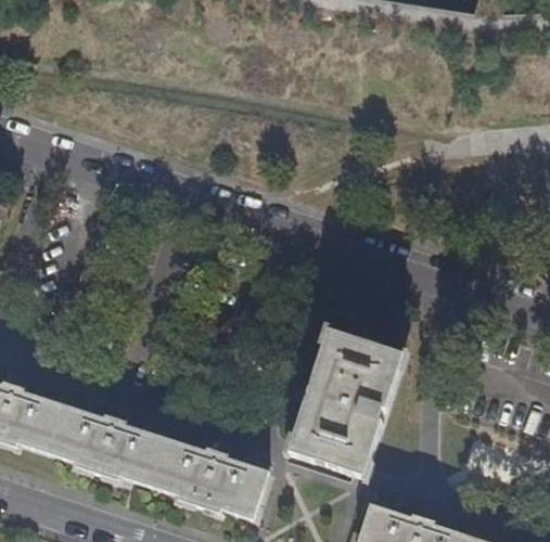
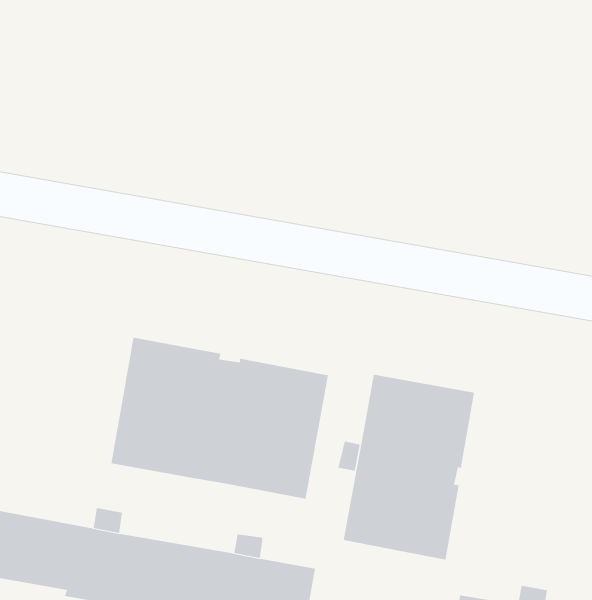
building: none -> [111,337,329,499]

